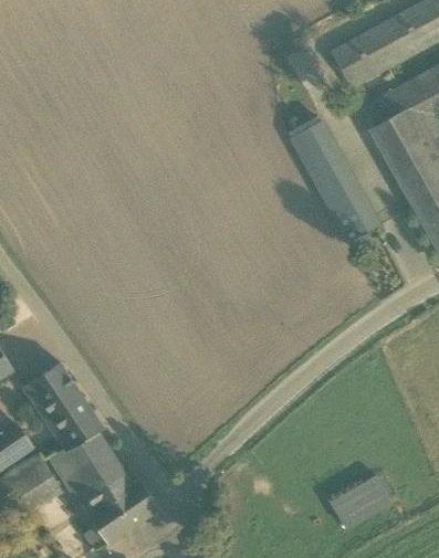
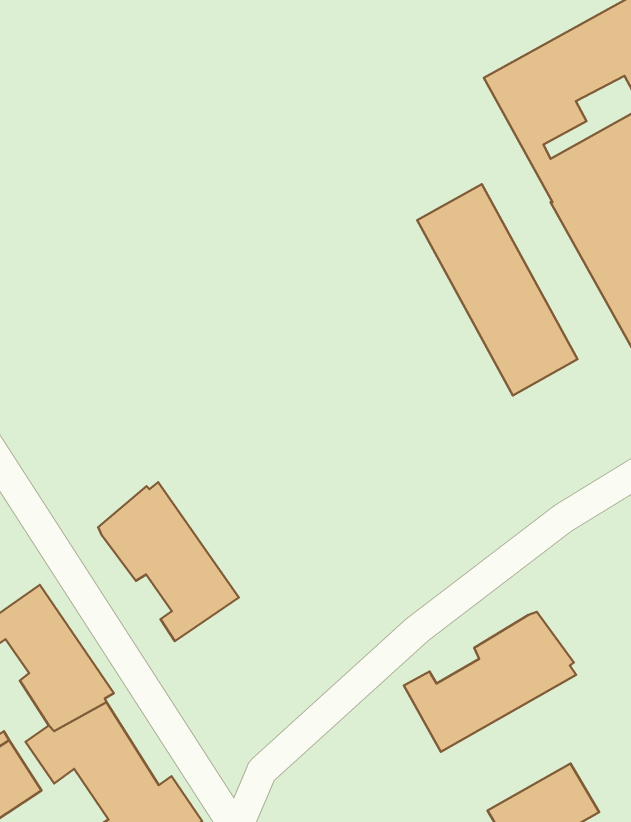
building: none -> [98,482,239,641]
building: none -> [404,612,576,752]

